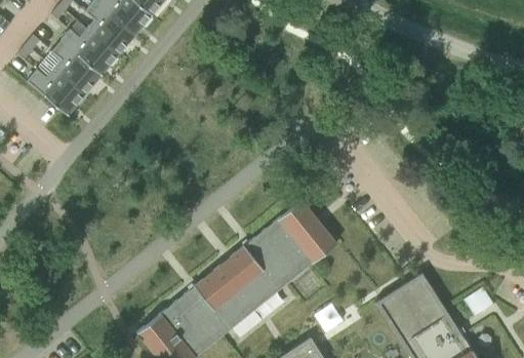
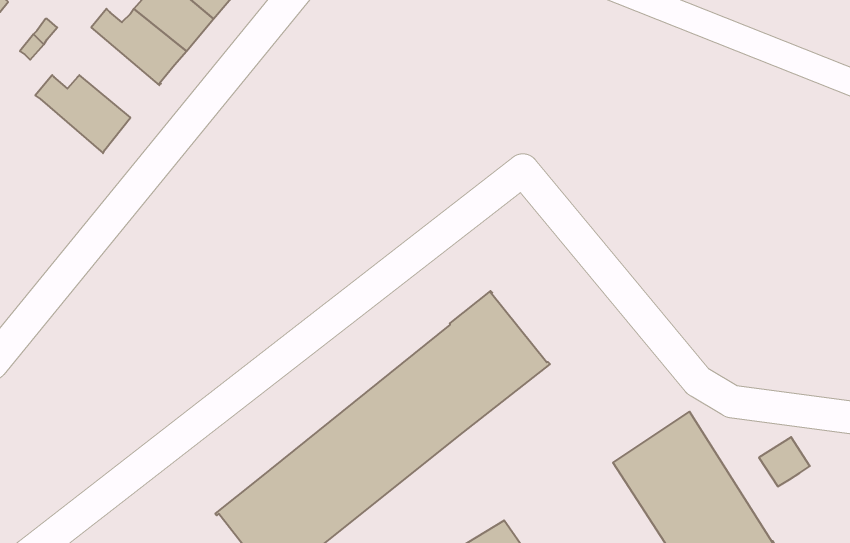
building: [51,40,102,94] -> none

